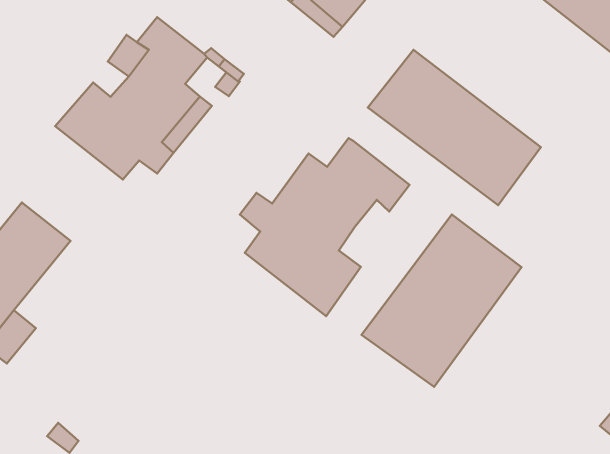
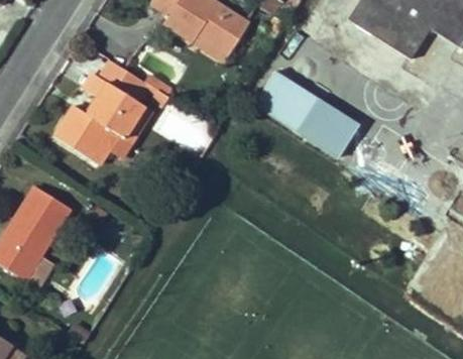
building: [240,138,409,316] -> none
building: [361,214,521,387] -> none

